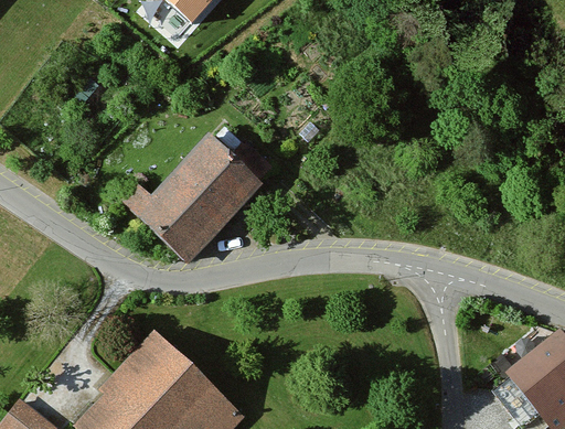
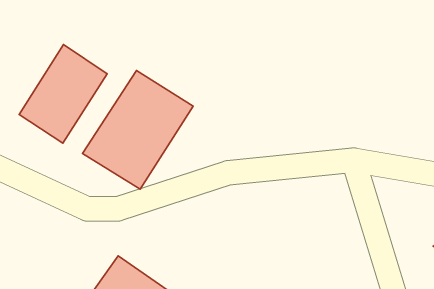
building: none -> [19,45,107,143]

